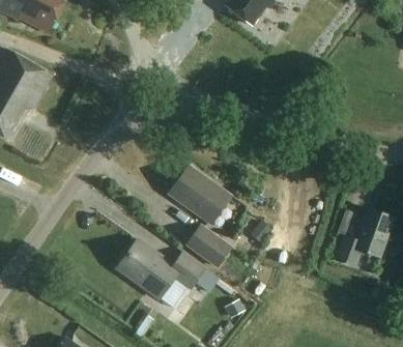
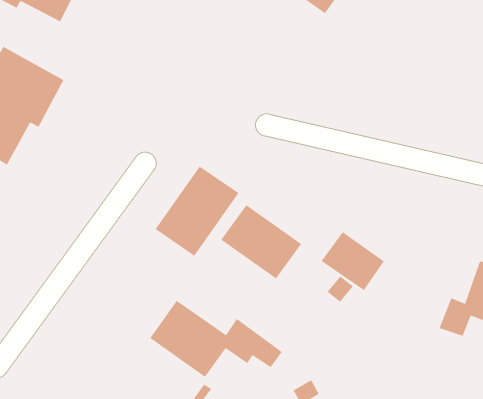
building: none -> [154,165,240,257]
building: [184,223,233,268] -> [321,231,385,291]

